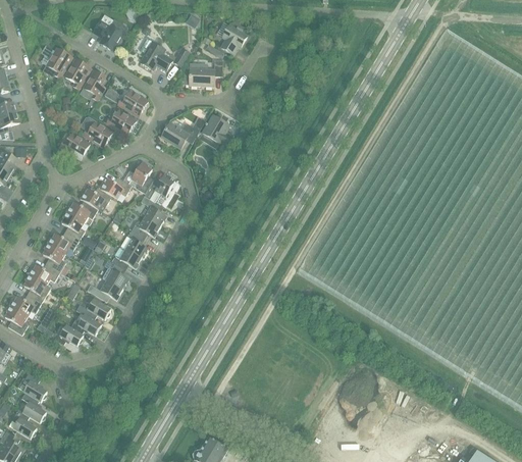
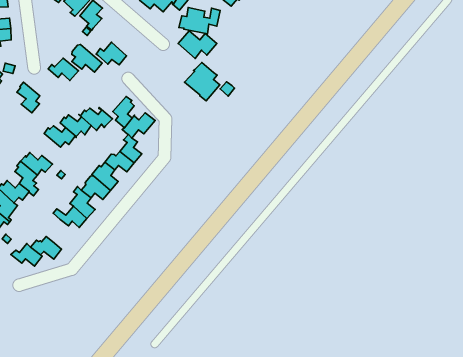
building: [117,89,148,115] -> none
building: [160,121,199,148] -> [178,31,217,58]
building: [60,210,85,240] -> [17,82,40,113]
building: [75,297,110,318] -> none

